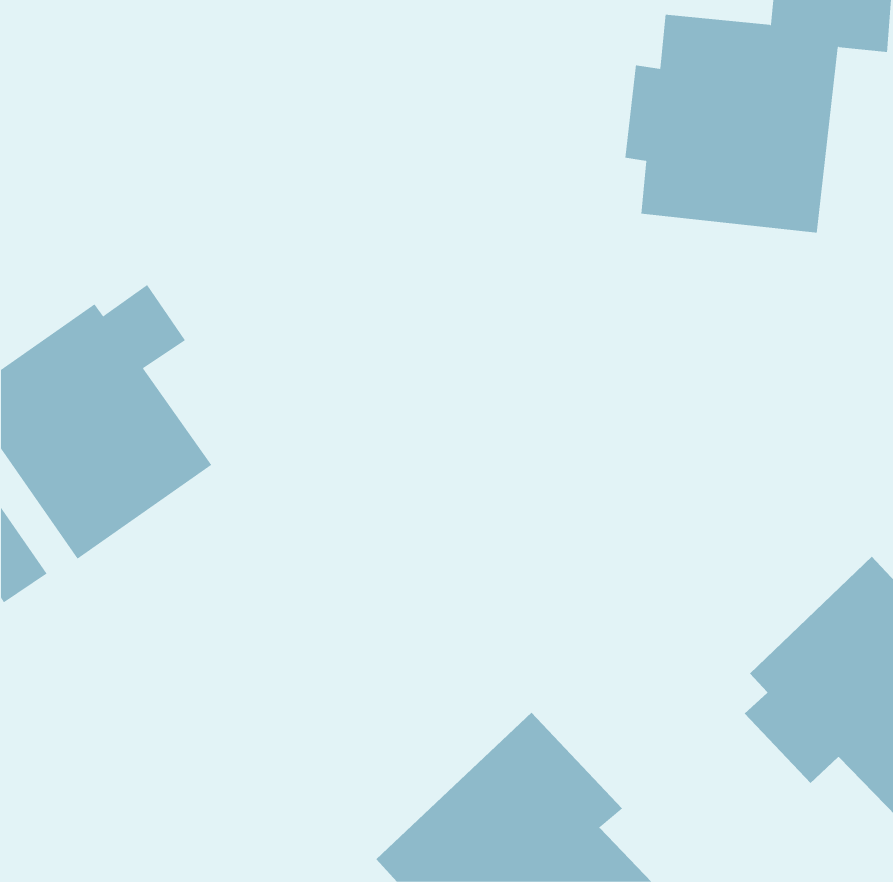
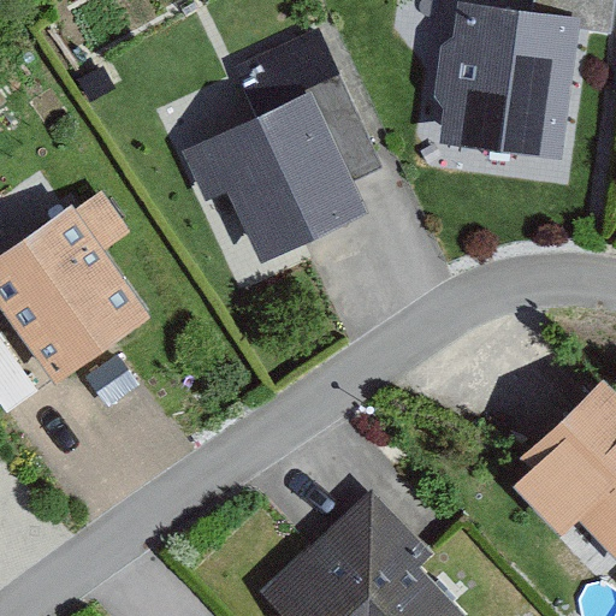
building: none -> [184,32,380,265]

